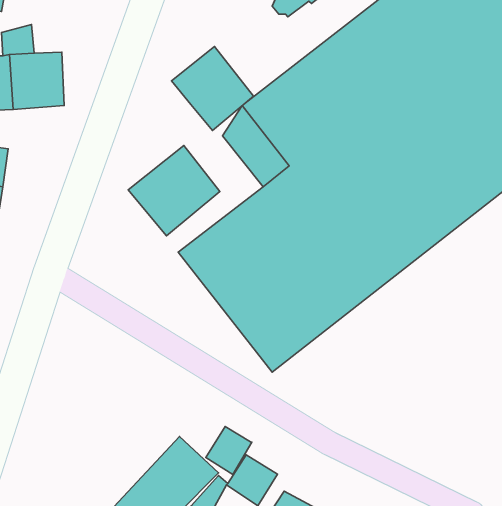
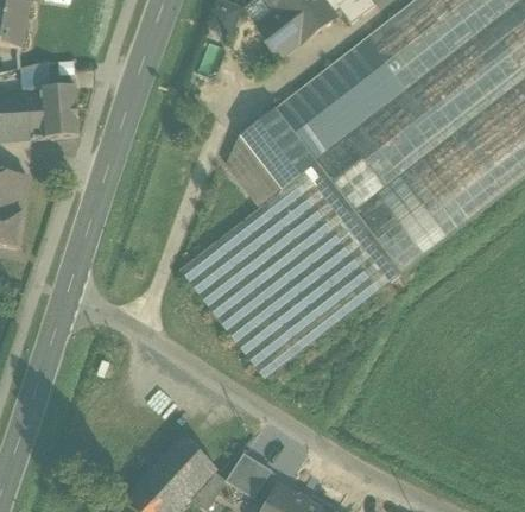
building: [172,47,254,131] -> none
building: [128,145,220,236] -> none
building: [206,426,252,475] -> none

